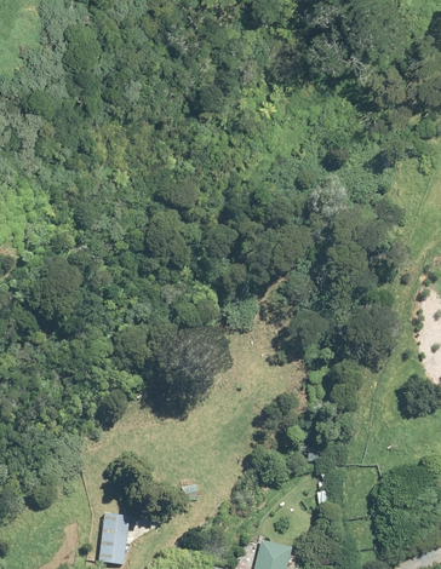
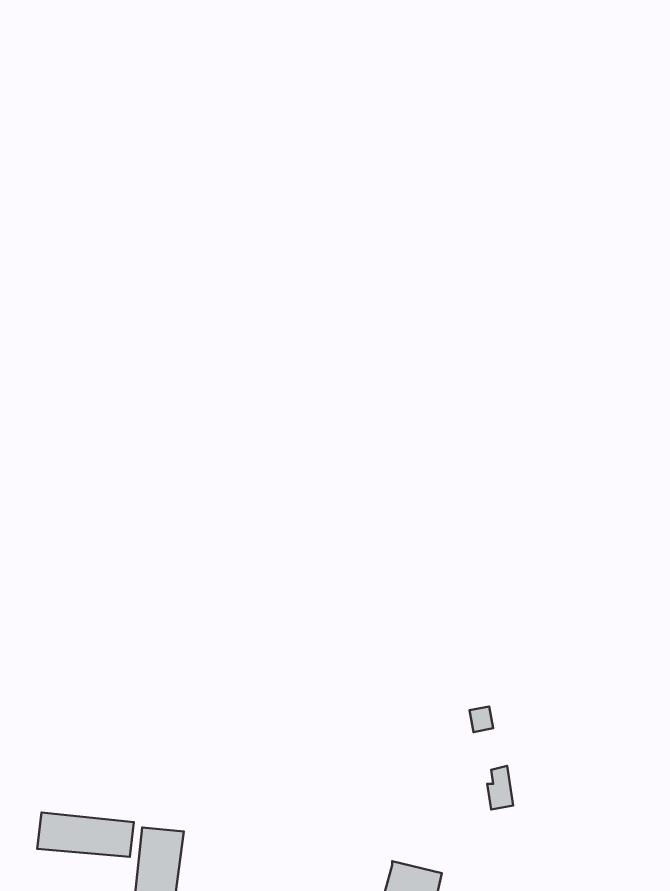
building: none -> [37,812,134,857]

